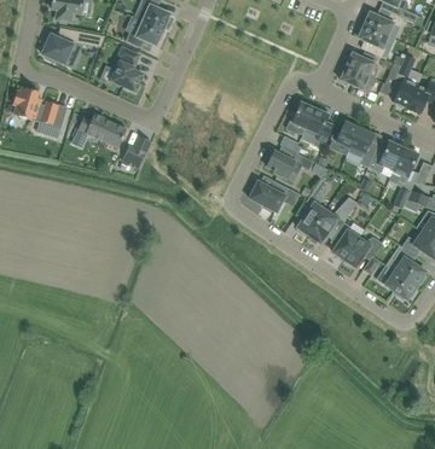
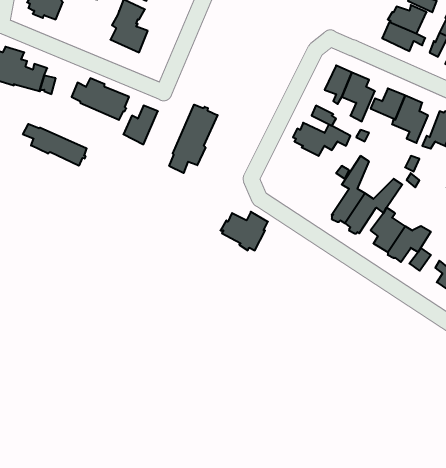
building: none -> [169,105,218,173]
building: none -> [23,124,87,166]
building: [248,180,288,212] -> [220,212,268,250]

